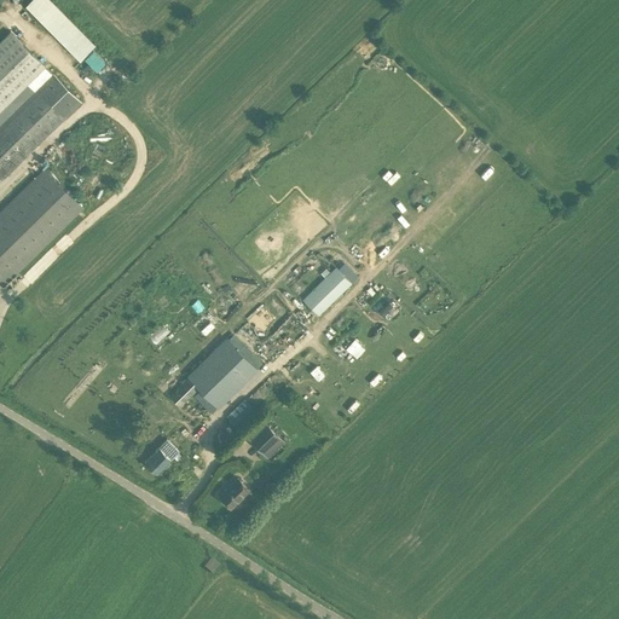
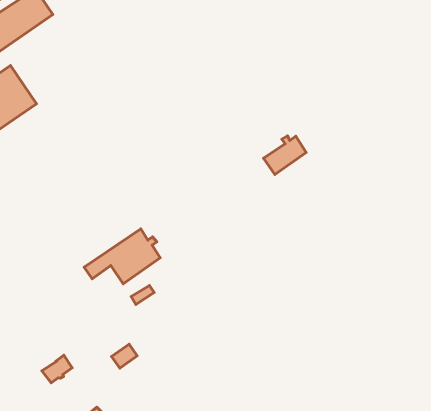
building: [302,267,352,317] -> [263,136,306,175]
building: [250,424,284,458] -> none
building: [144,439,179,474] -> [42,355,72,383]

